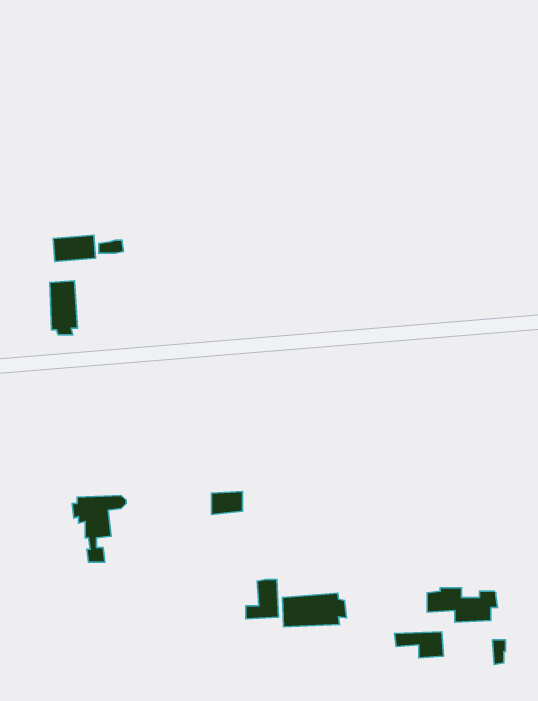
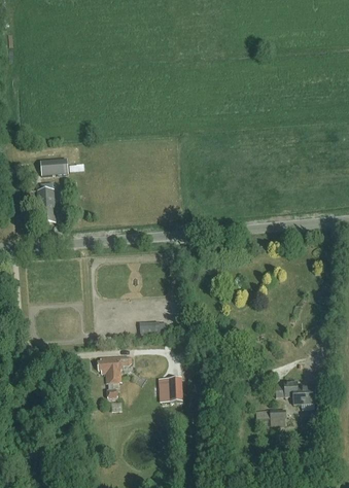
building: [72,495,126,562] -> [98,356,132,398]
building: [282,593,346,627] -> none

